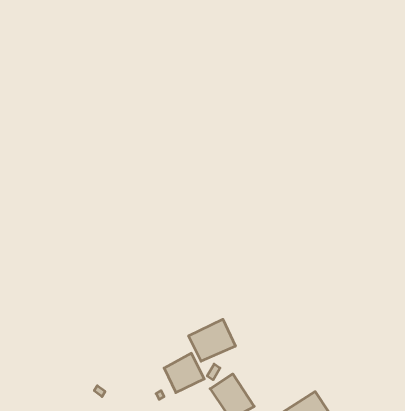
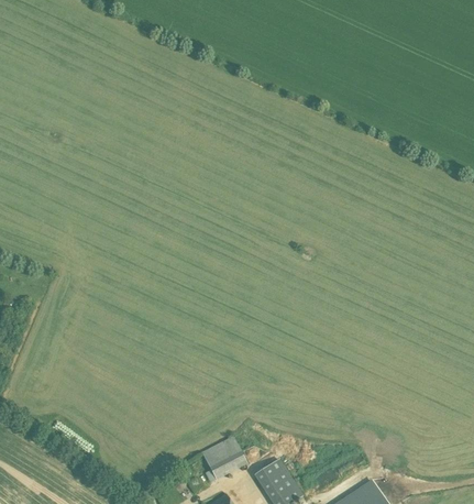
building: [189,319,235,361] -> none

